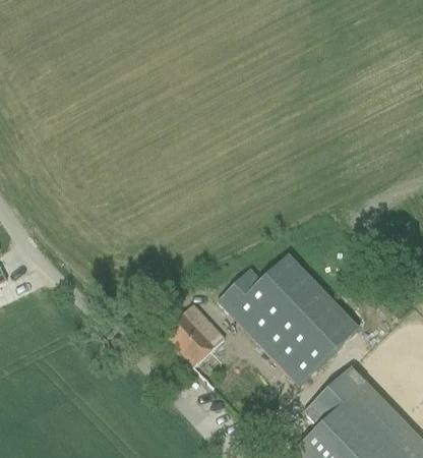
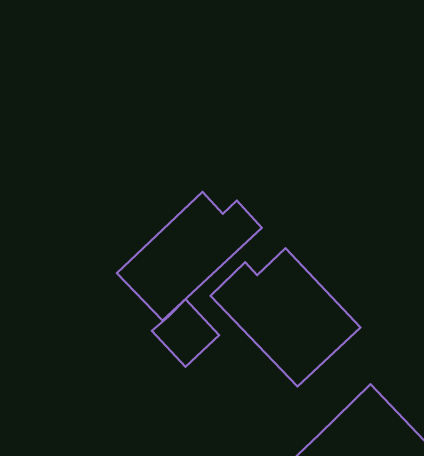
building: none -> [117,192,262,321]
building: [304,366,368,430] -> none

